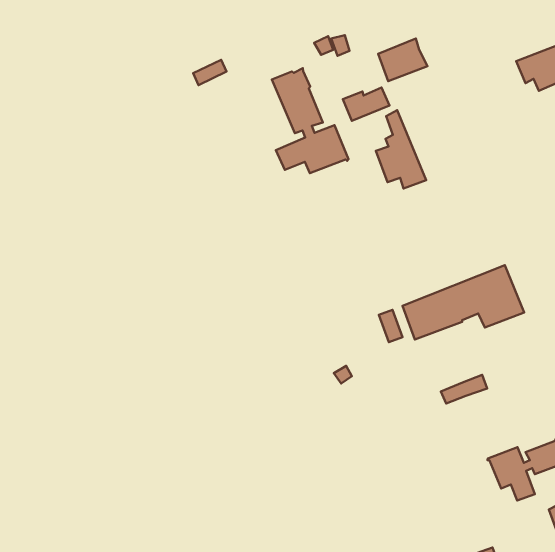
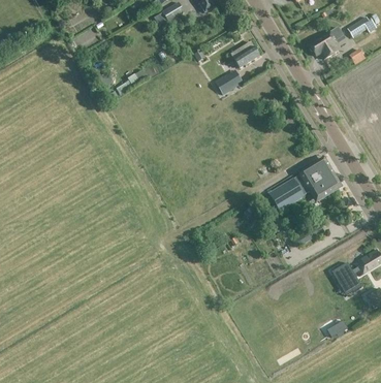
building: [272,68,349,173] -> none
building: [376,110,426,189] -> none

